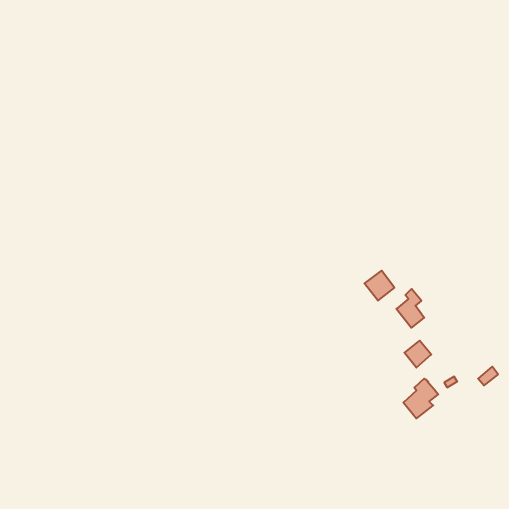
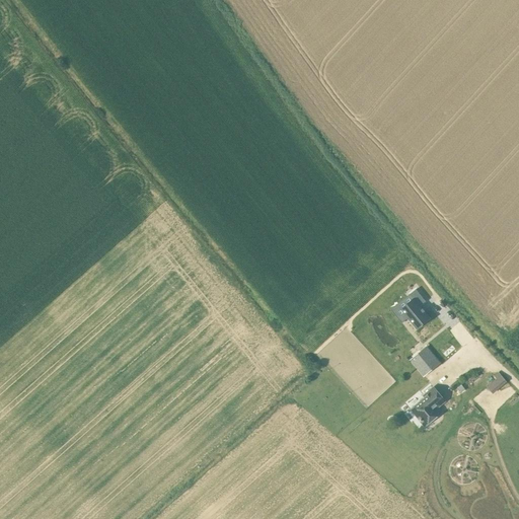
building: [364,271,394,301] -> none

